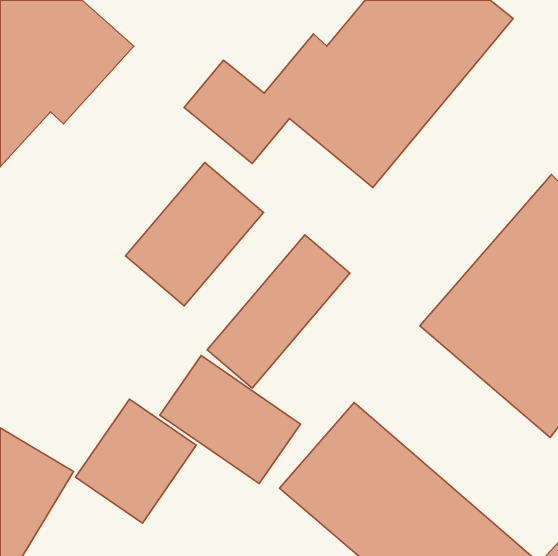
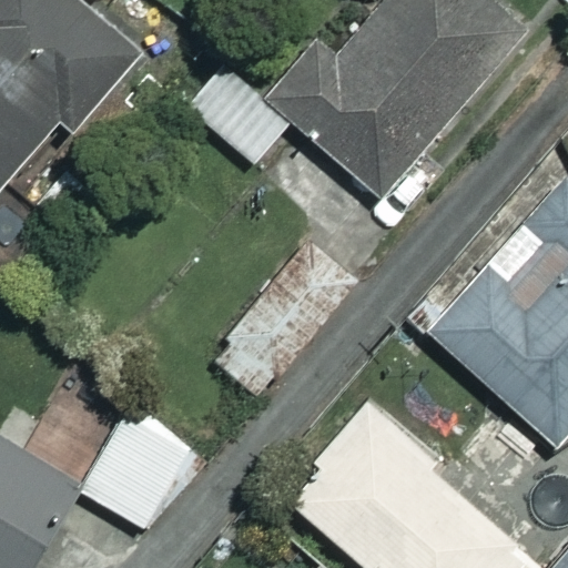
building: [126,163,263,306] -> none
building: [160,356,300,484] -> none

